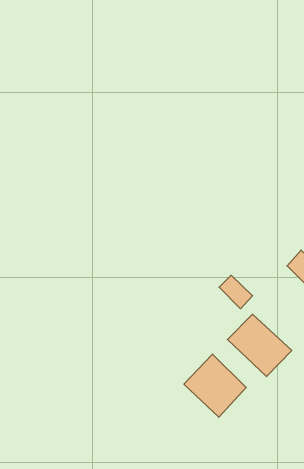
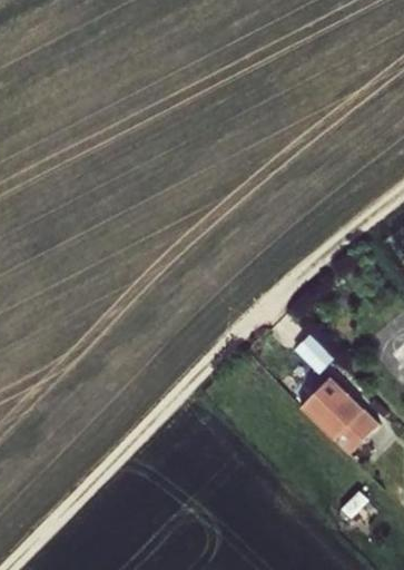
building: [184,354,246,417] -> none

